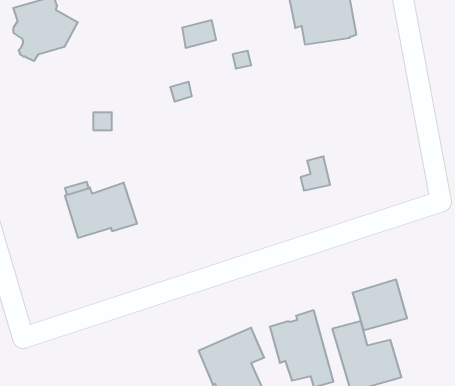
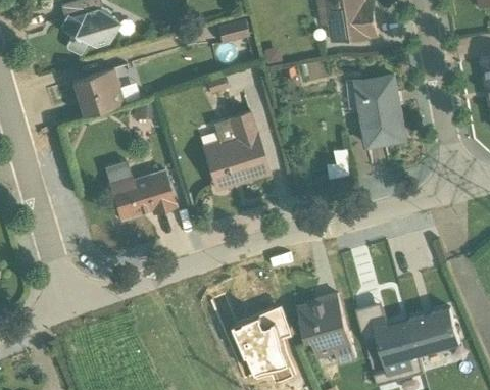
building: none -> [69,69,139,117]
building: none -> [345,72,406,144]
building: none -> [201,111,267,190]
building: [352,280,407,330] -> [410,304,461,351]

